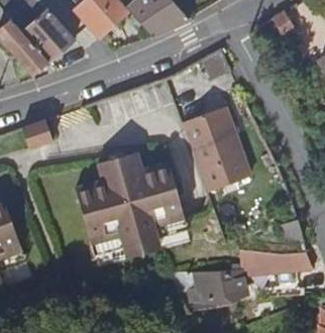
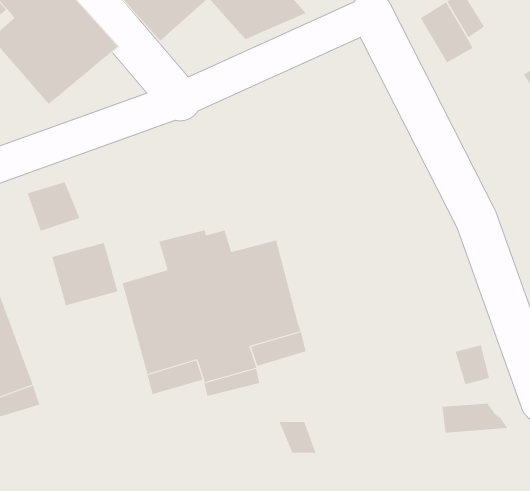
building: [181,106,246,190] -> none
building: none -> [51,242,118,306]
building: [201,266,248,297] -> none

